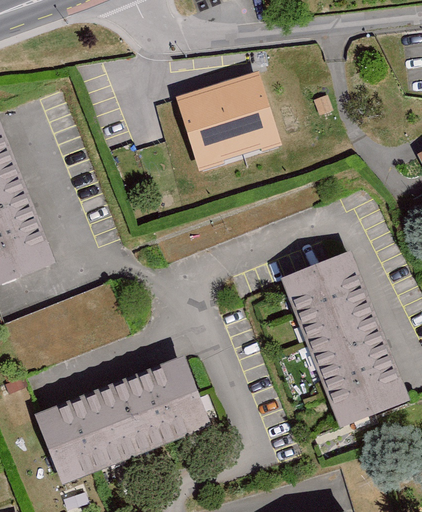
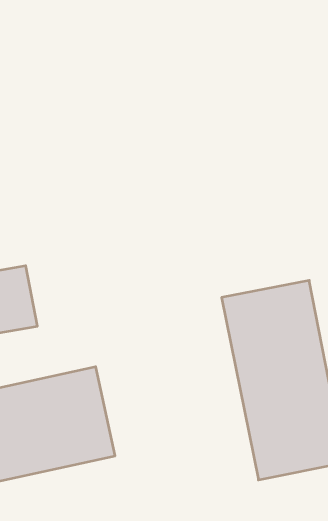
building: [174,67,277,161] -> none

